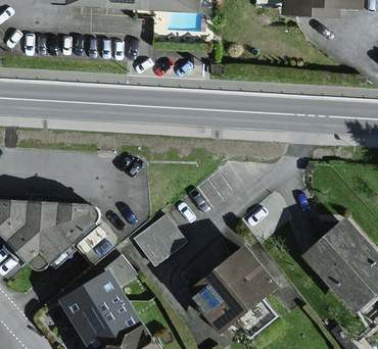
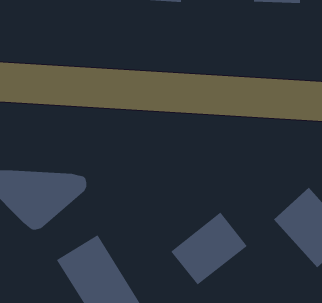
building: [134,218,181,264] -> none

